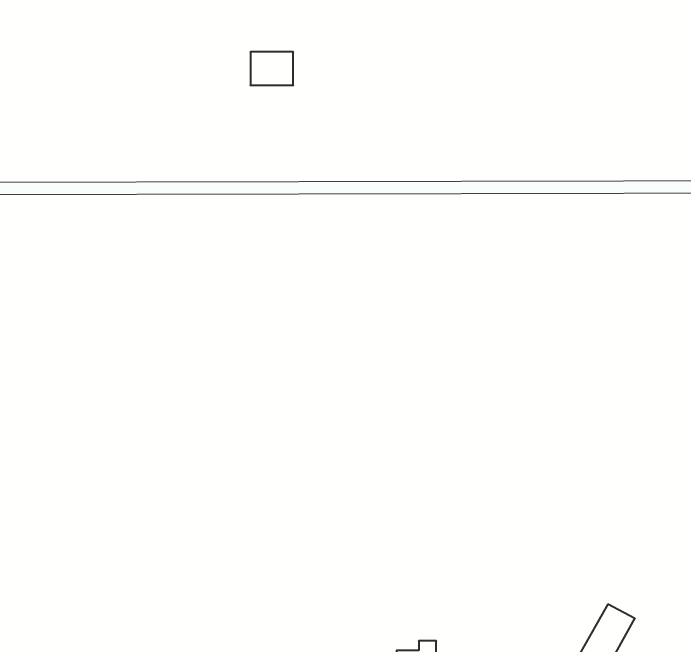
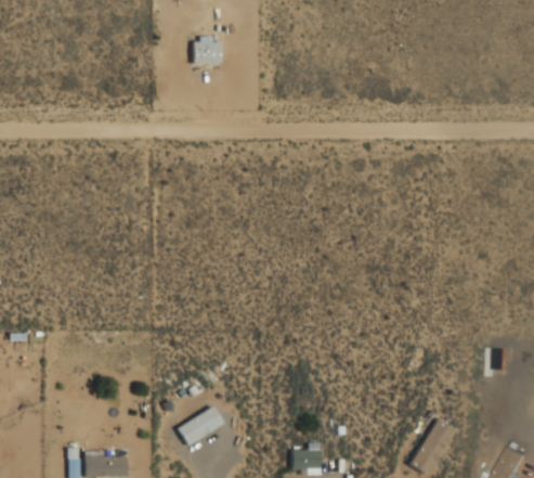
building: none -> [178,406,224,445]

